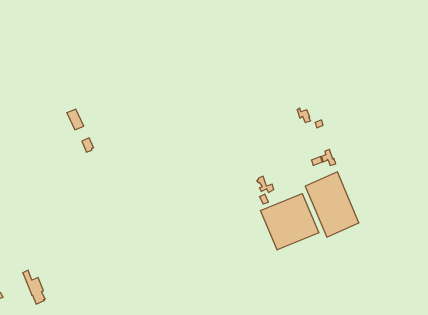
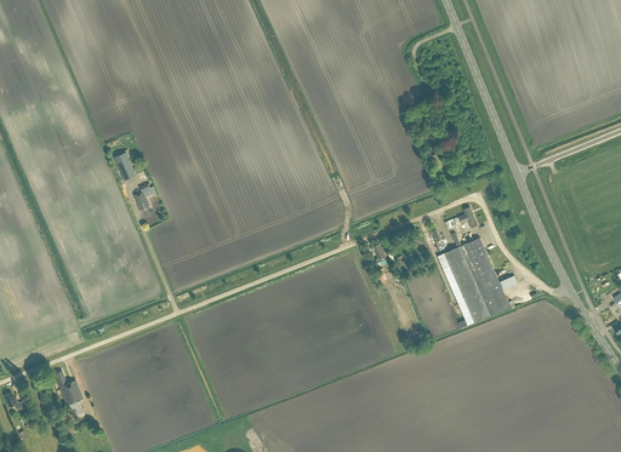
building: [261,194,319,250] -> none

